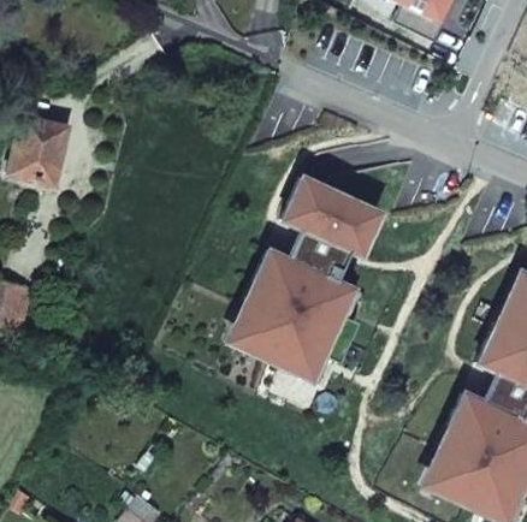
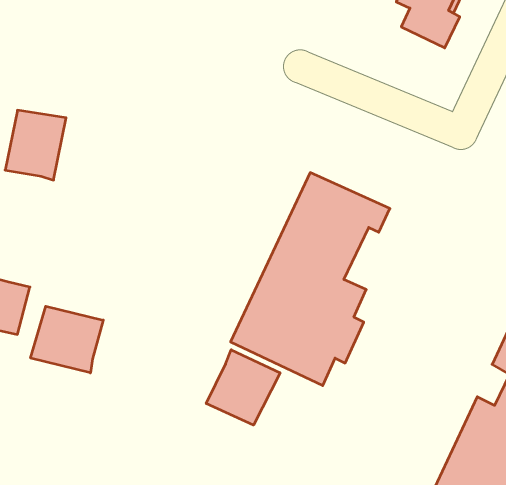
building: none -> [31,306,103,373]
building: none -> [206,350,280,425]

